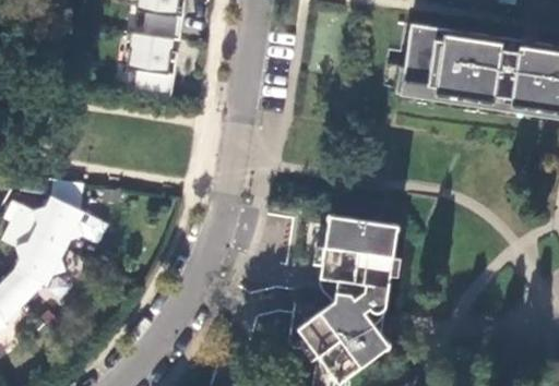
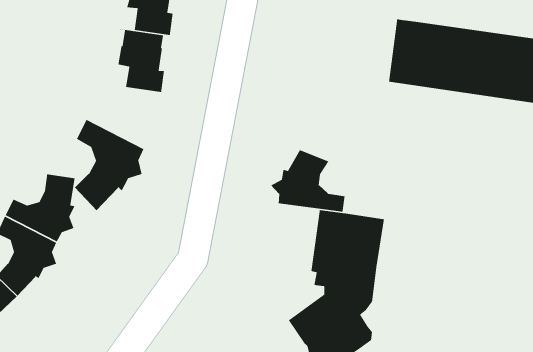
building: none -> [74,119,145,211]
building: none -> [270,149,346,212]

